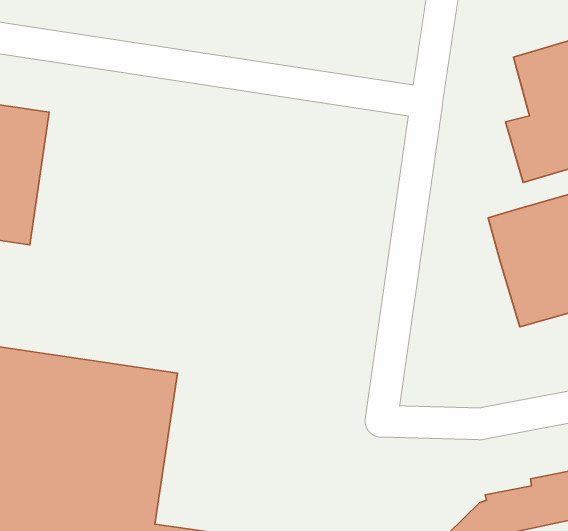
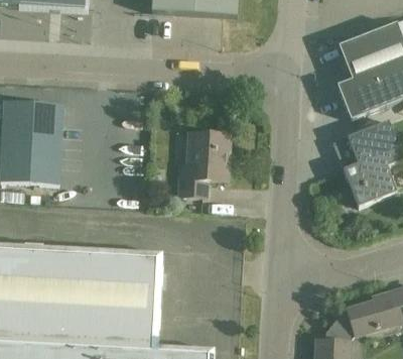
building: none -> [178,131,231,197]

